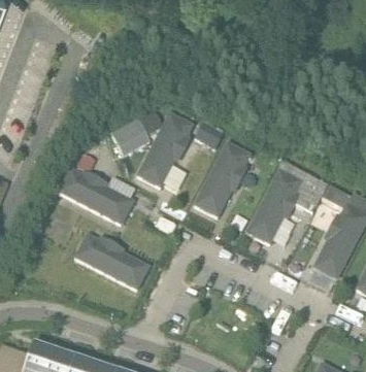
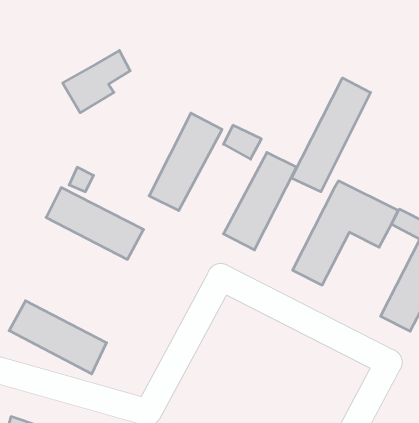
building: none -> [292,78,371,192]
building: [112,111,164,159] -> [63,50,130,113]
building: [76,235,151,291] -> [9,301,107,374]

